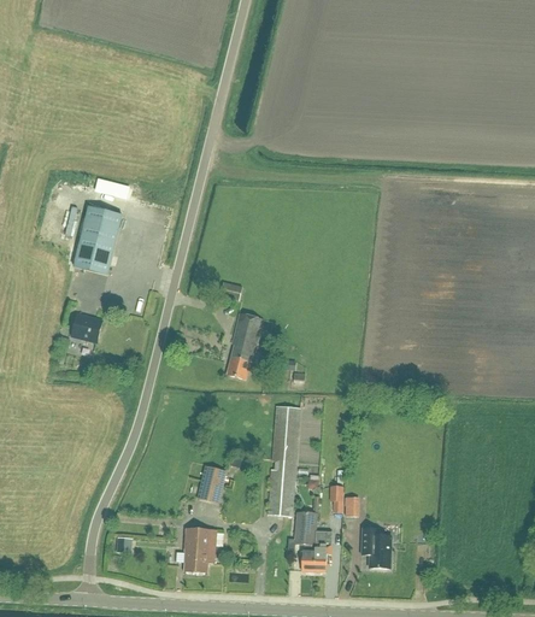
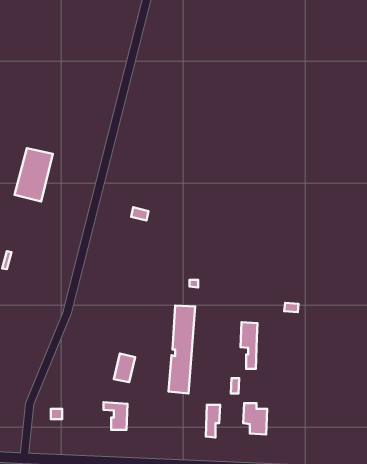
building: [225,312,261,378] -> none
building: [71,313,102,342] -> none
building: [294,511,316,570] -> [240,322,258,369]
building: [183,536,207,572] -> none

